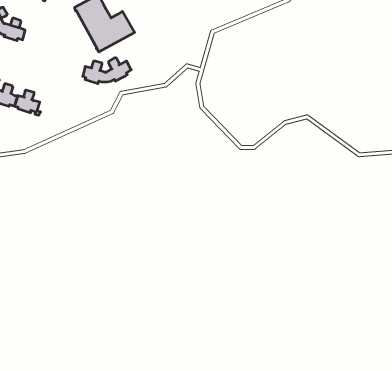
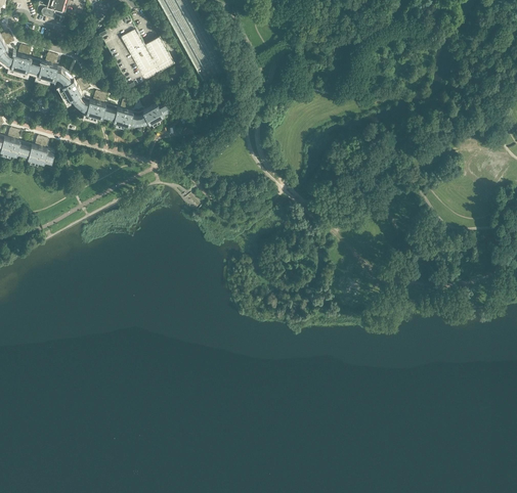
building: none -> [32,53,111,120]

